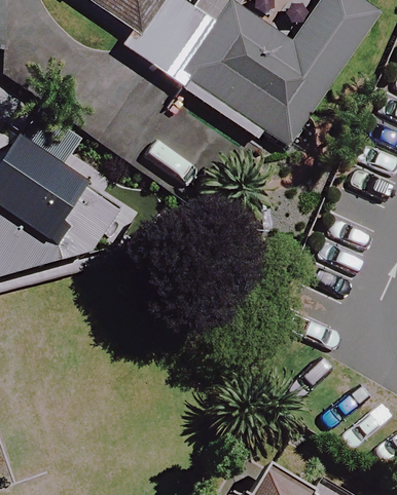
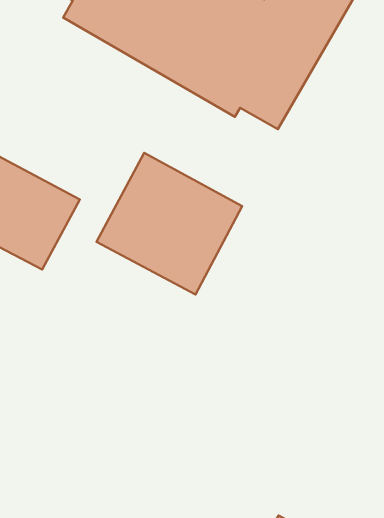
building: none -> [96,153,242,294]

